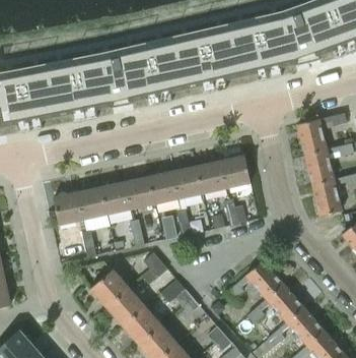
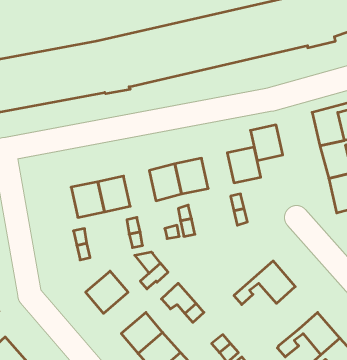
building: [197,160,226,192] -> [250,125,283,161]
building: [126,176,155,208] -> none
building: [54,191,84,224] -> none
building: [247,282,302,320] -> none
building: [108,287,146,324] -> none

